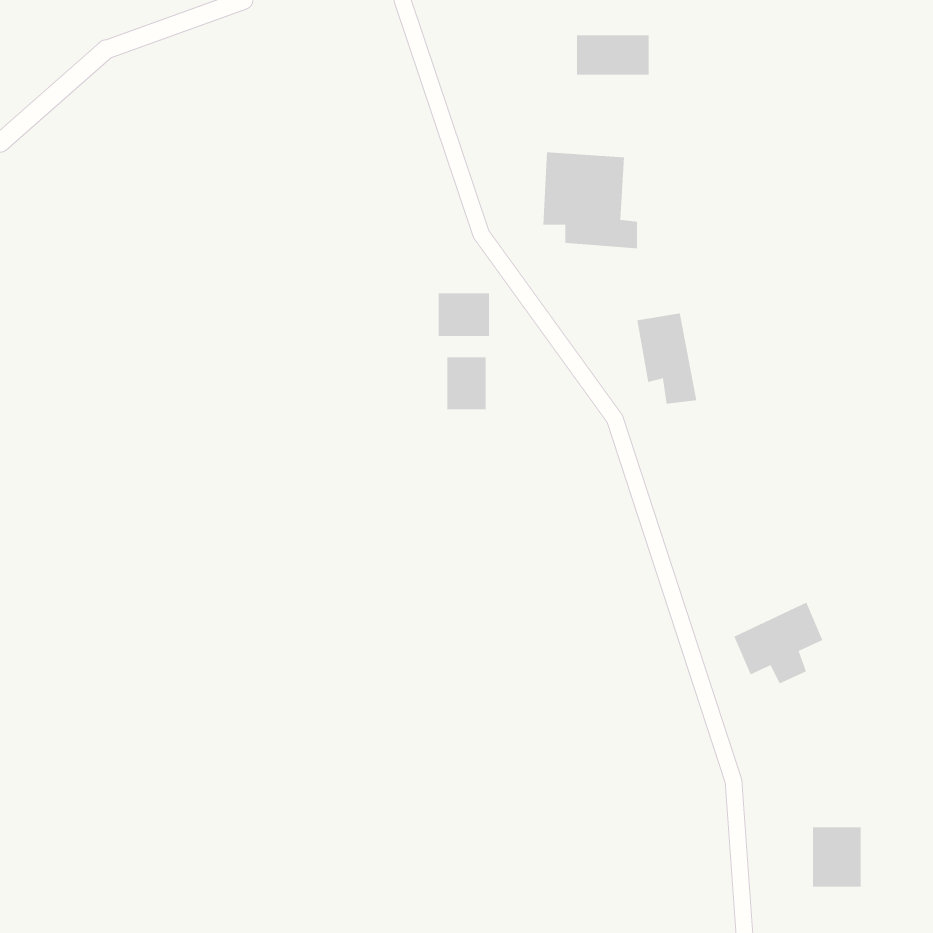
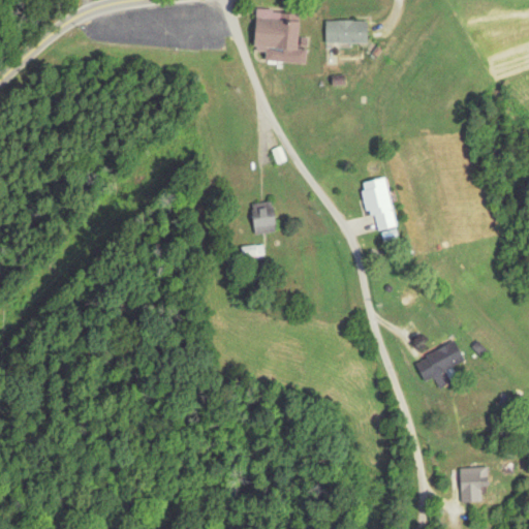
building: [543,152,638,249] -> [253,9,307,64]
building: [438,292,489,337] -> none

